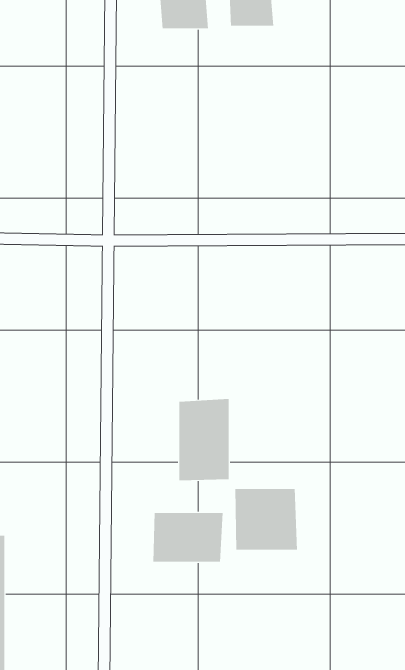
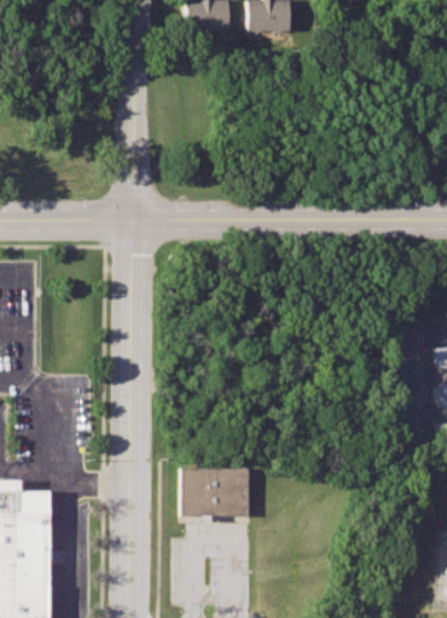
building: [179,398,229,481] -> none
building: [235,488,298,550] -> none

